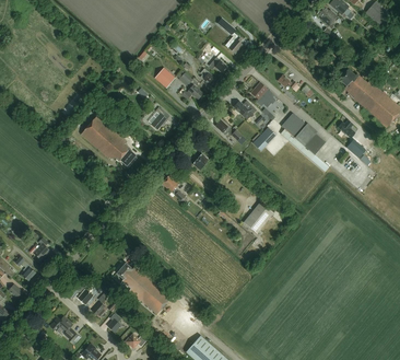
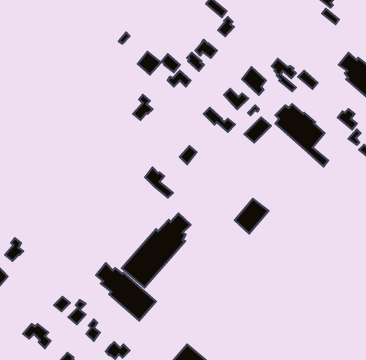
building: [81,115,137,165] -> none
building: none -> [122,213,191,288]

